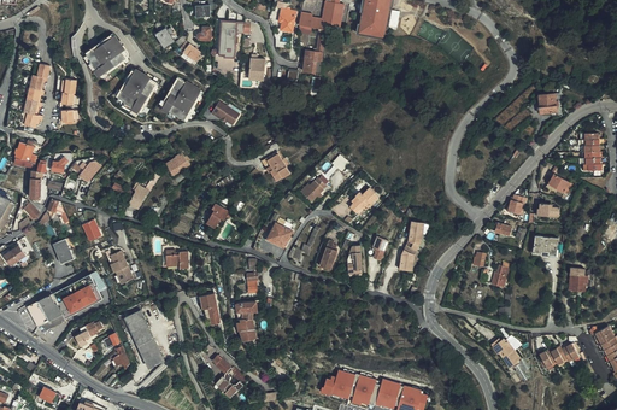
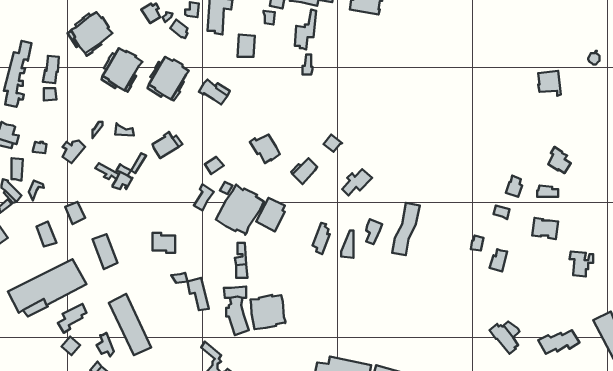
building: [580,133,601,171] -> none
building: none -> [216,185,264,235]
building: none -> [251,295,285,329]

